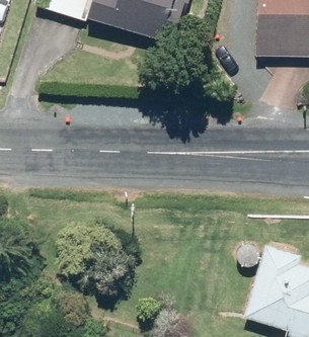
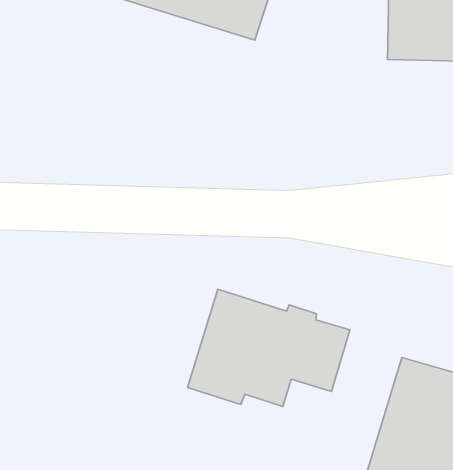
building: none -> [188,289,350,407]

